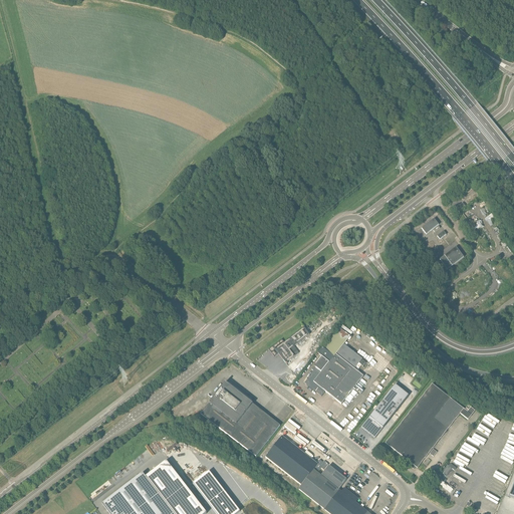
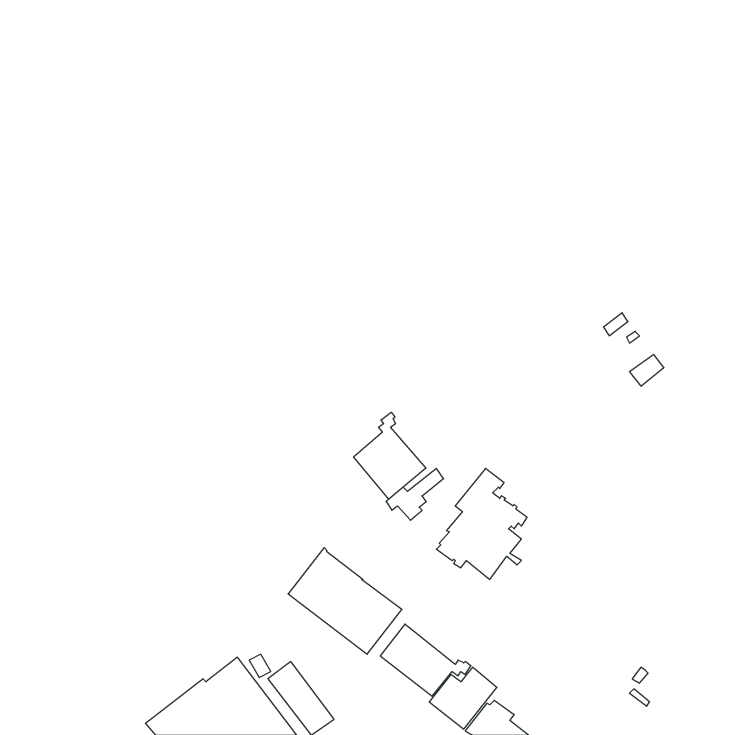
building: none -> [354,412,426,499]
building: [386,383,475,467] -> none
building: [360,384,408,438] -> none

